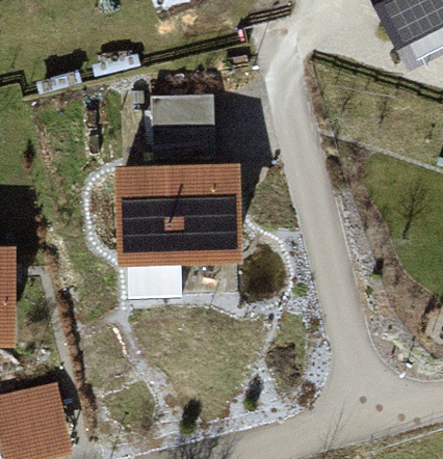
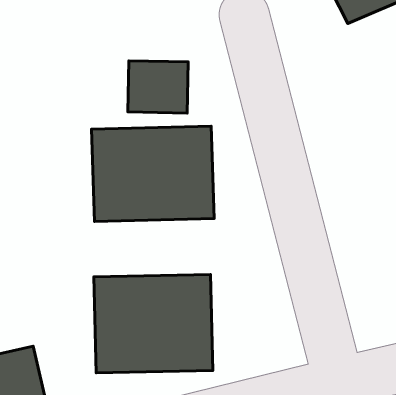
building: none -> [94,274,213,373]

